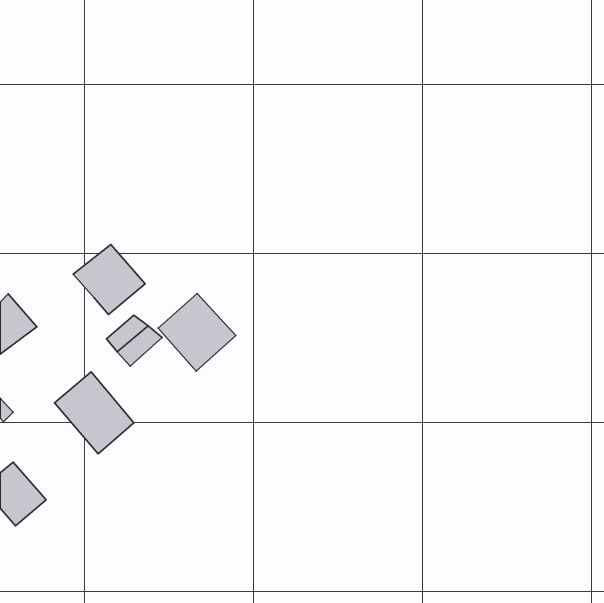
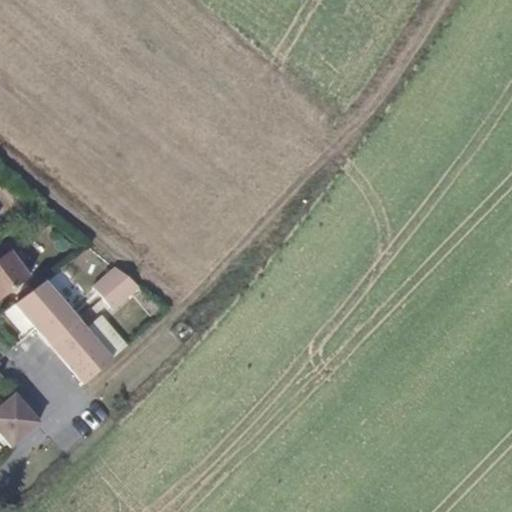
building: [73,245,145,315] -> [17,281,78,340]
building: [158,293,236,371] -> none

